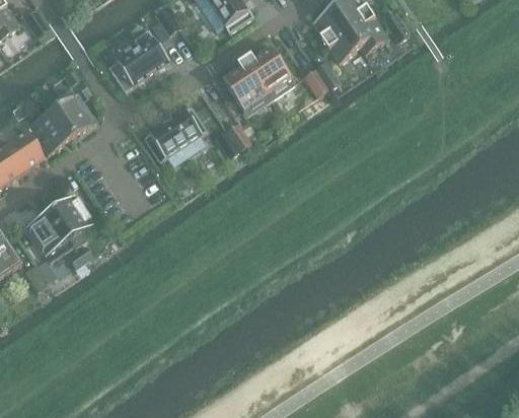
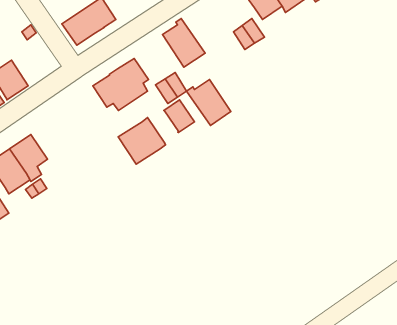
building: [244,47,295,99] -> [187,80,231,126]
building: [50,91,94,137] -> none
building: none -> [164,100,195,132]
building: none -> [118,117,165,164]

